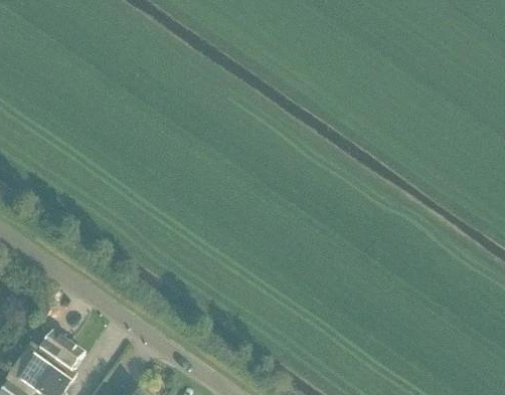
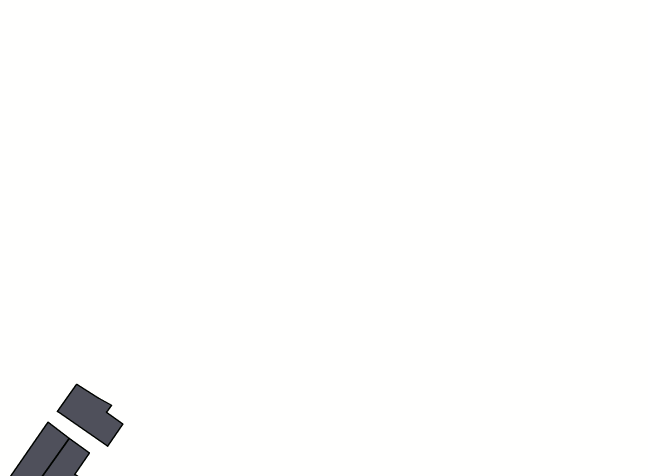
building: none -> [57,384,123,446]

